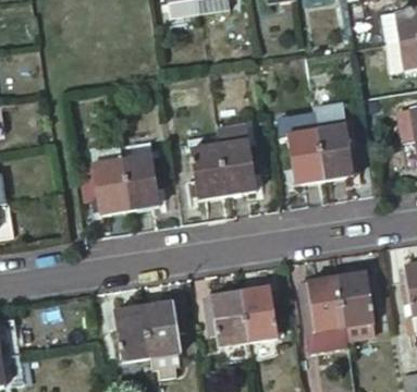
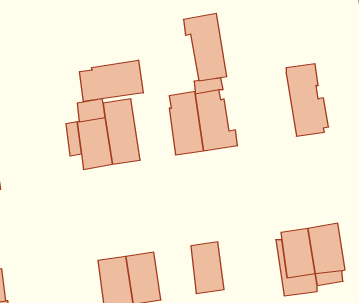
building: none -> [80,60,143,102]
building: [279,112,324,183] -> [183,13,227,81]
building: [242,285,279,340] -> none

